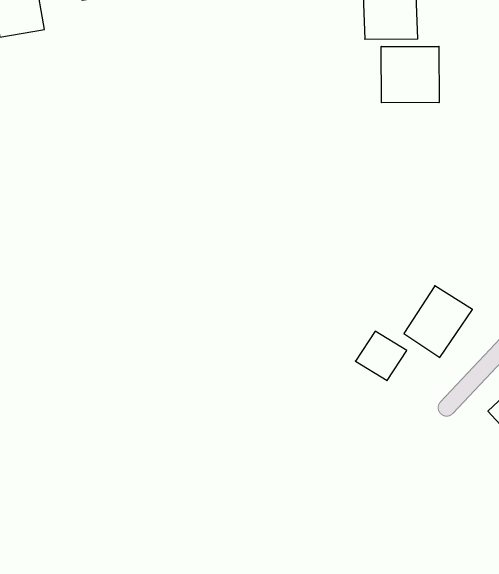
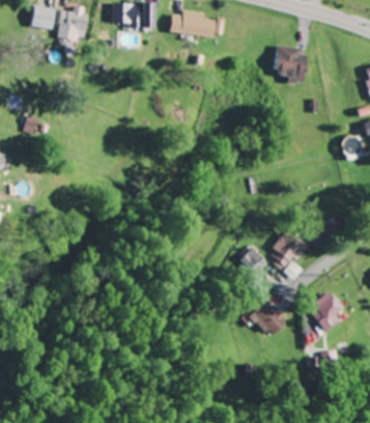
building: [381,46,439,103] -> none
building: none -> [249,301,285,337]

